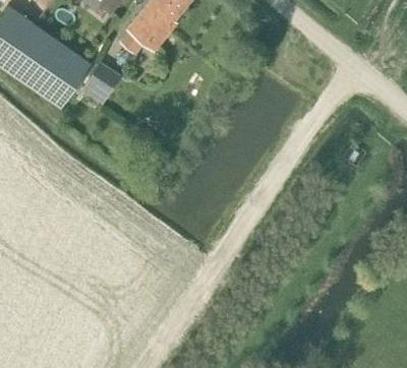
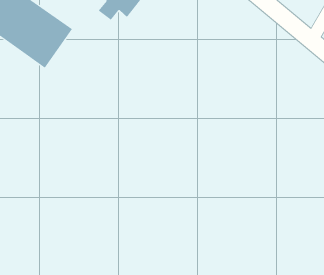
building: [81,63,121,106] -> none

